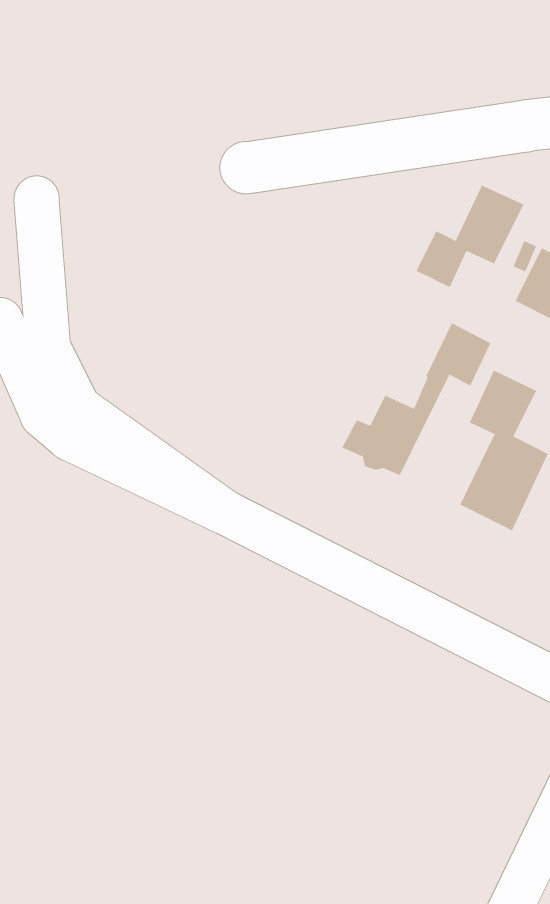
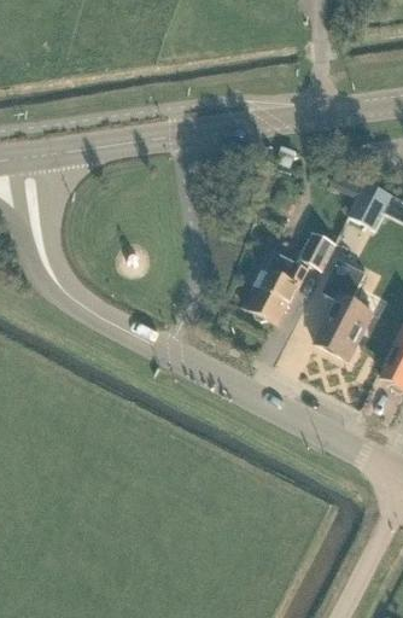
building: [415,184,525,288] -> none

